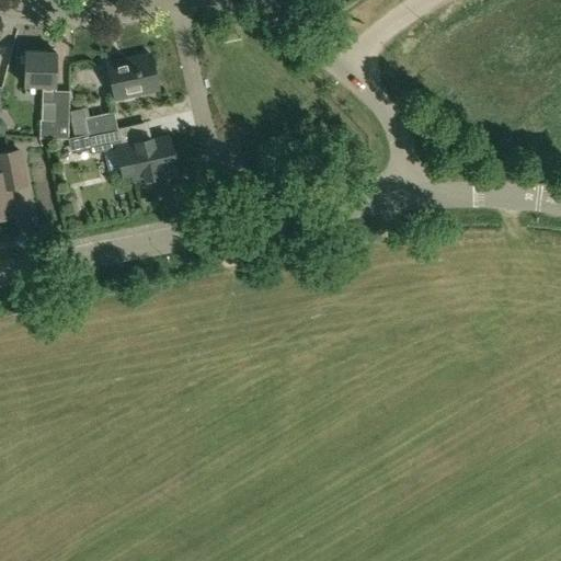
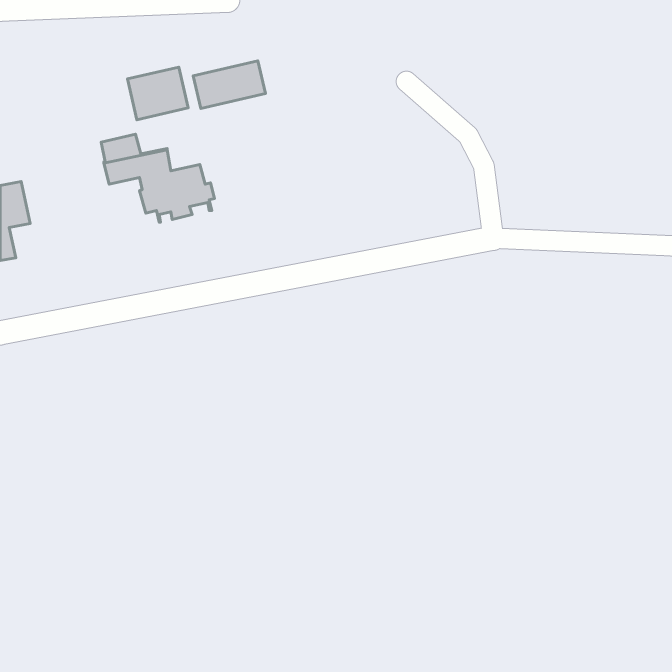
building: none -> [193,61,266,108]
building: [24,51,69,140] -> none

